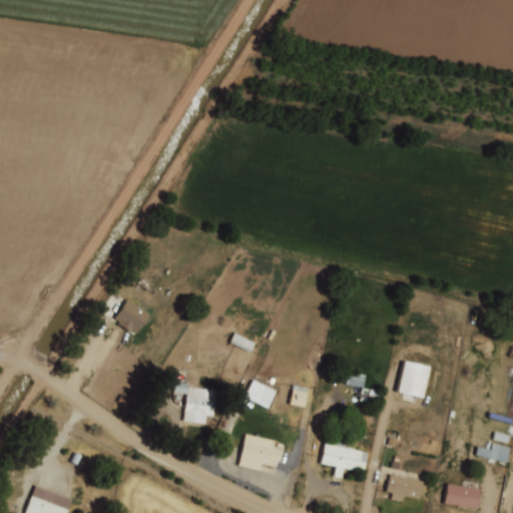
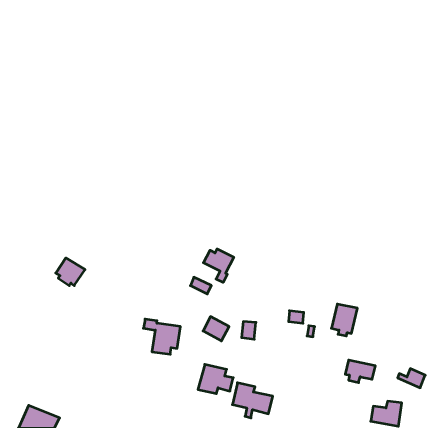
building: none -> [203,249,234,282]
building: [115,301,150,334] -> [56,258,85,286]
building: [320,437,368,479] -> [232,383,273,418]
building: [387,476,423,503] -> [345,360,375,383]

